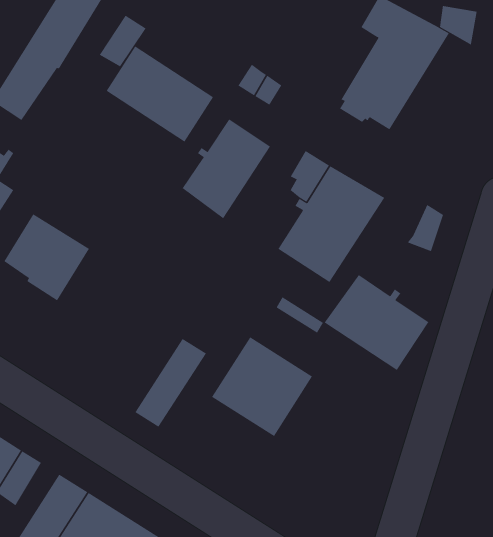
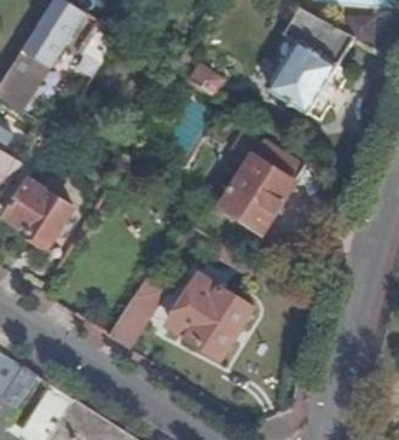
building: [106,45,214,143] -> none
building: [182,119,271,219] -> none
building: [324,274,429,371] -> none

